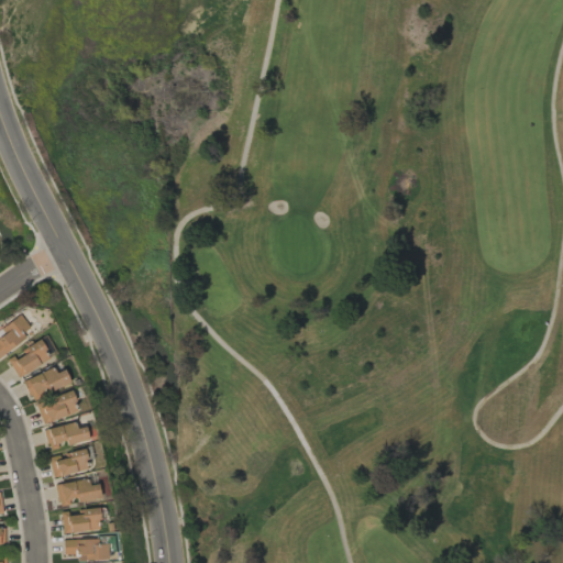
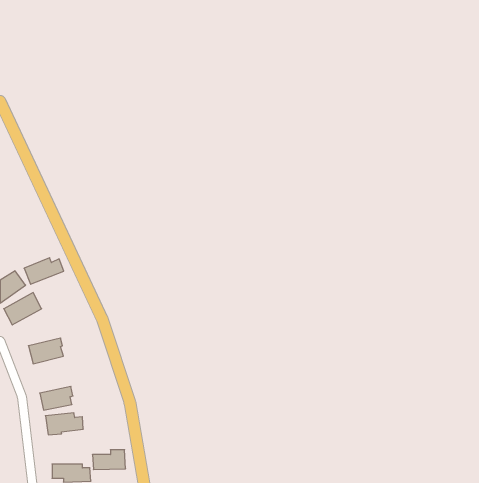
building: [26,368,73,399] -> [24,258,64,284]
building: [47,423,91,450] -> none
building: [64,509,102,532] -> [92,450,126,470]

